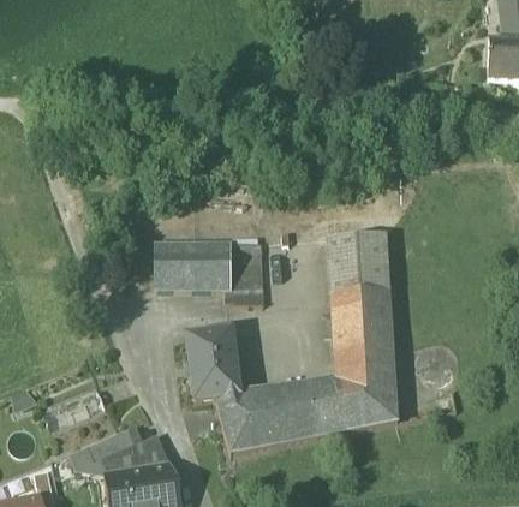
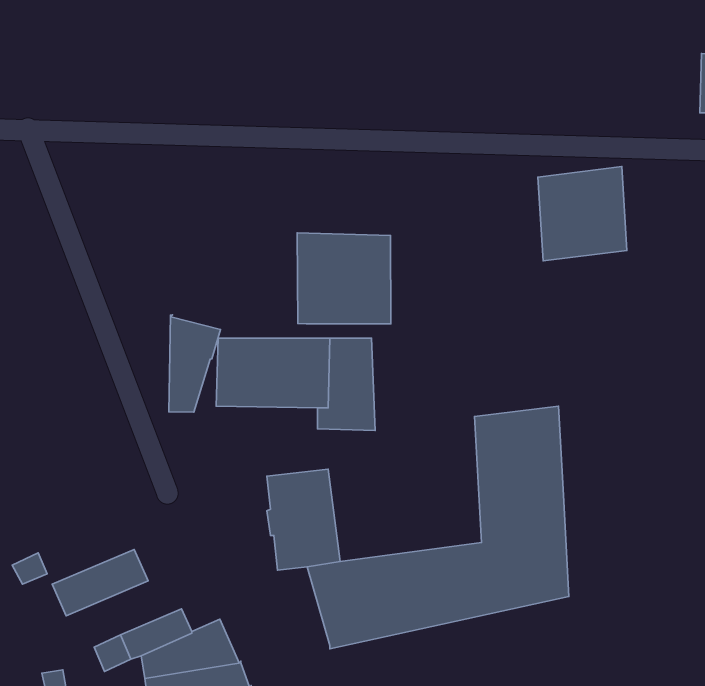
building: none -> [297,233,391,324]
building: none -> [169,315,221,412]
building: [328,228,389,293] -> [538,167,627,261]

